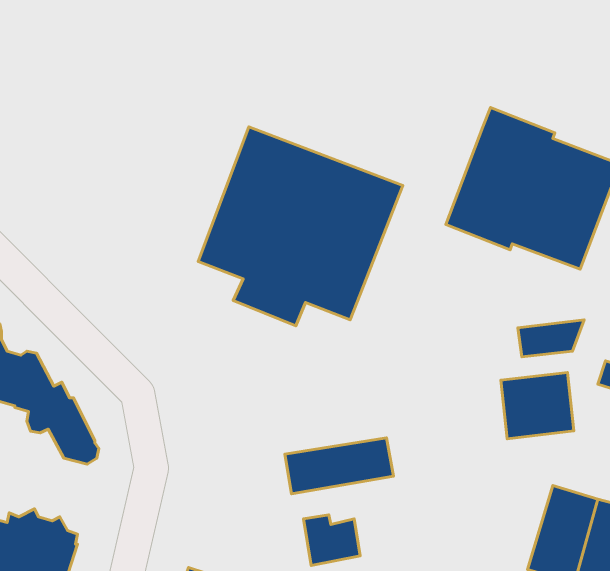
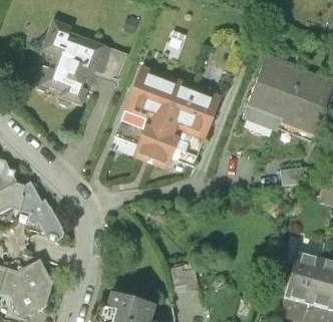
building: none -> [35,20,127,105]
building: [501,372,574,439] -> none
building: [285,438,393,494] -> none

